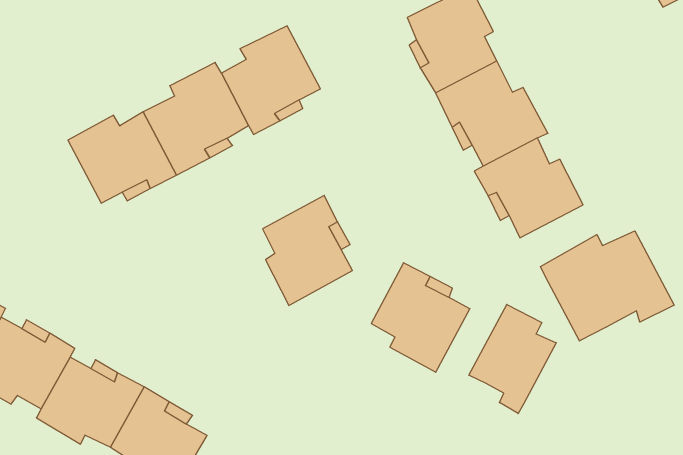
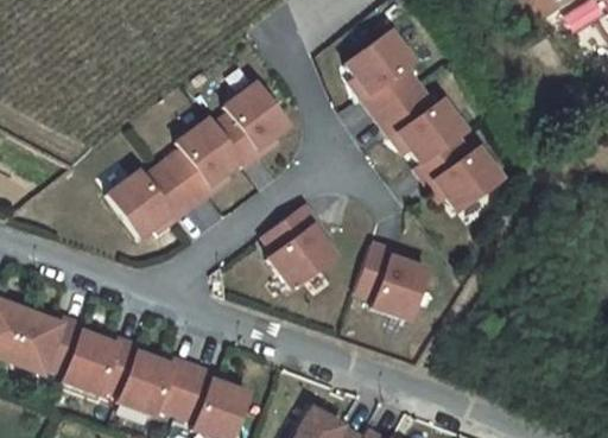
building: [540,231,674,341] -> none
building: [469,304,556,414] -> none

